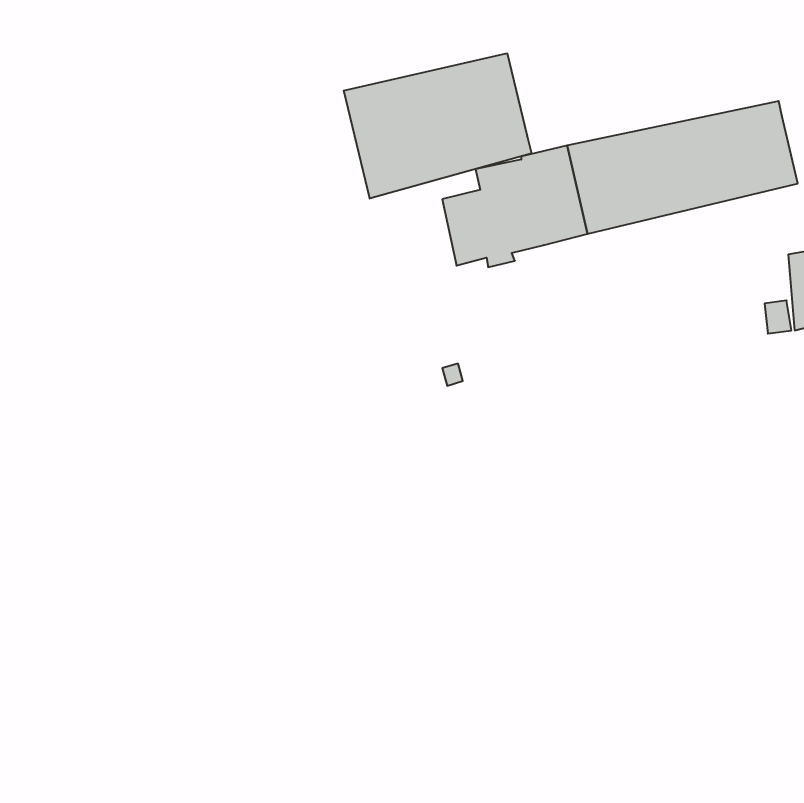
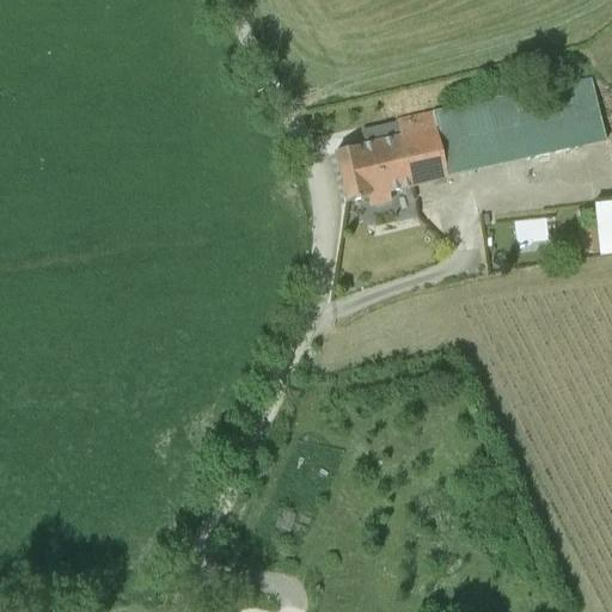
building: [344,53,531,199] -> none

